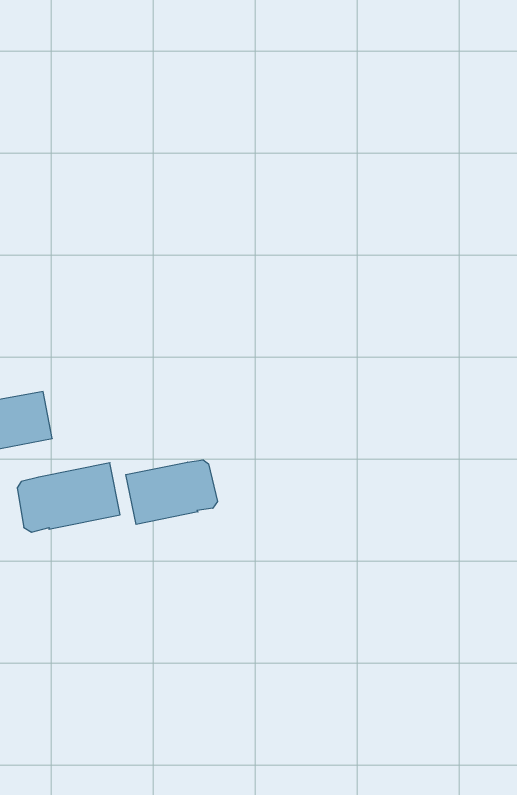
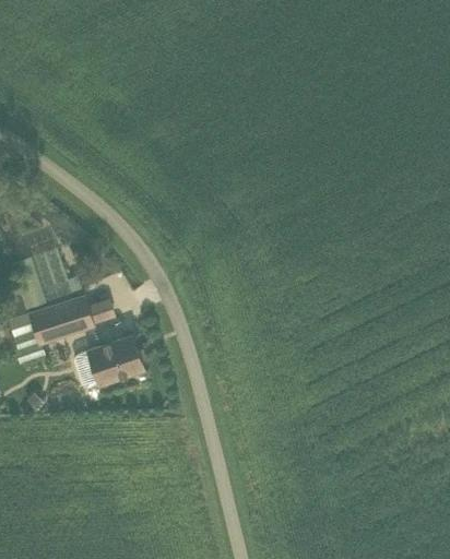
building: [126,460,217,524] -> none

